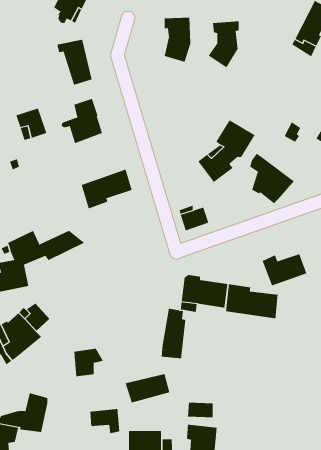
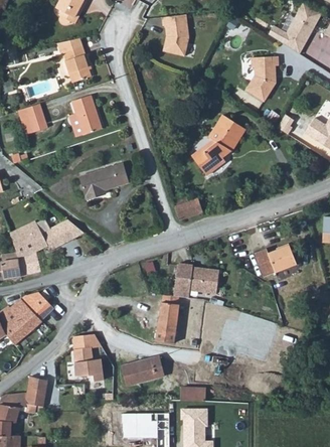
building: [208,21,240,68] -> [249,56,279,102]
building: [249,153,295,204] -> none
building: [226,283,278,319] -> none
building: [90,408,120,434] -> [74,357,104,382]

